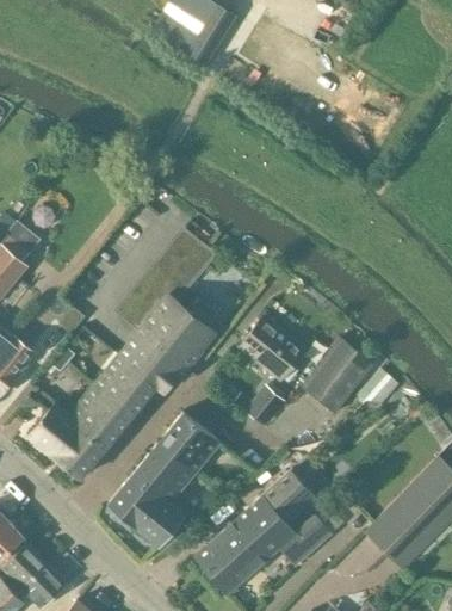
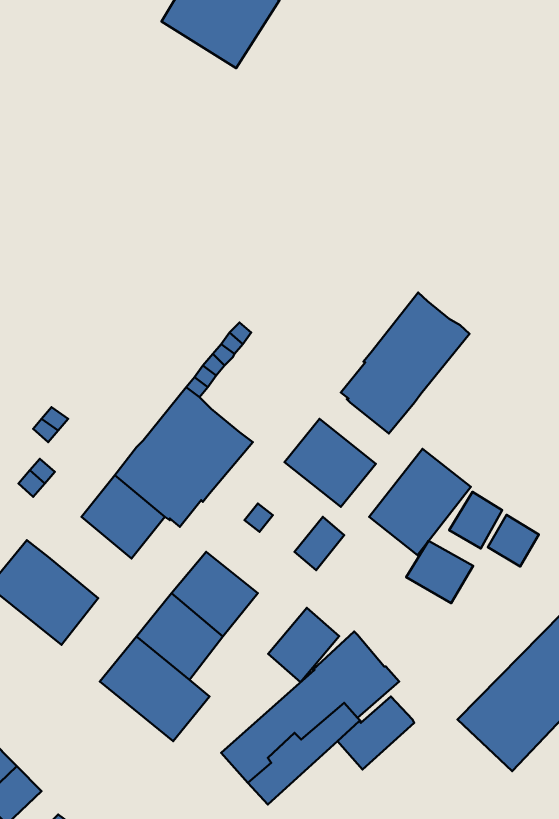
building: none -> [341,293,469,433]
building: none -> [488,515,539,566]
building: [70,387,130,445] -> none
building: none -> [406,541,473,603]
building: none -> [268,608,339,682]

